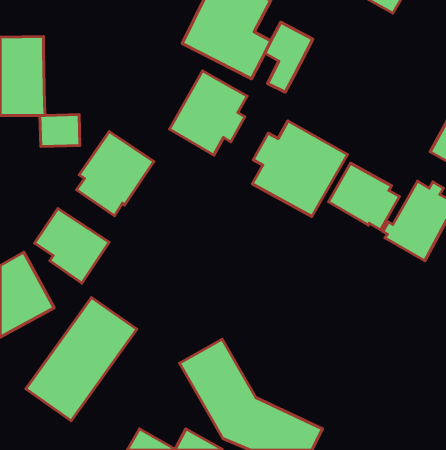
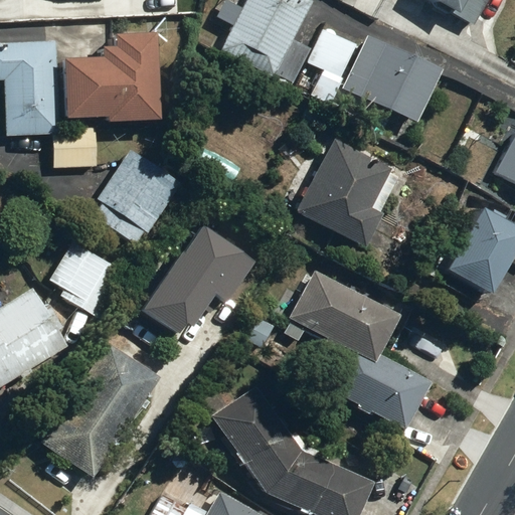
building: none -> [342,33,443,124]
building: none -> [58,35,154,124]
building: [169,71,247,155] -> none
building: [328,163,400,230] -> none
building: none -> [141,219,258,336]
building: none -> [289,268,432,431]

